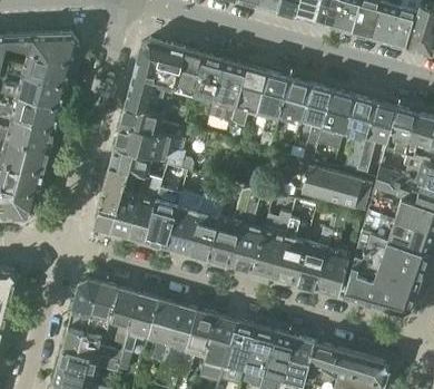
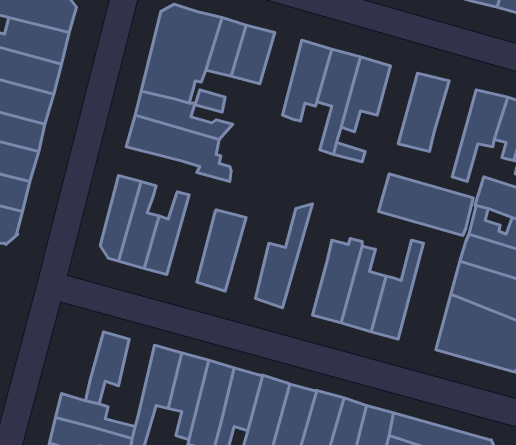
building: [209,60,245,121] -> none
building: [300,85,331,163] -> none
building: [343,96,374,167] -> none
building: [109,145,165,181] -> none
building: [230,187,264,270] -> none
building: [145,188,180,245] -> none
building: [188,194,224,257] -> none
building: [316,211,351,294] -> none
building: [67,279,98,333] -> none
building: [109,288,136,344] -> none

